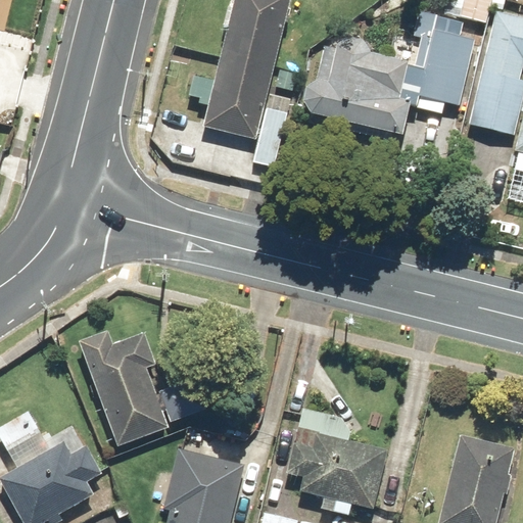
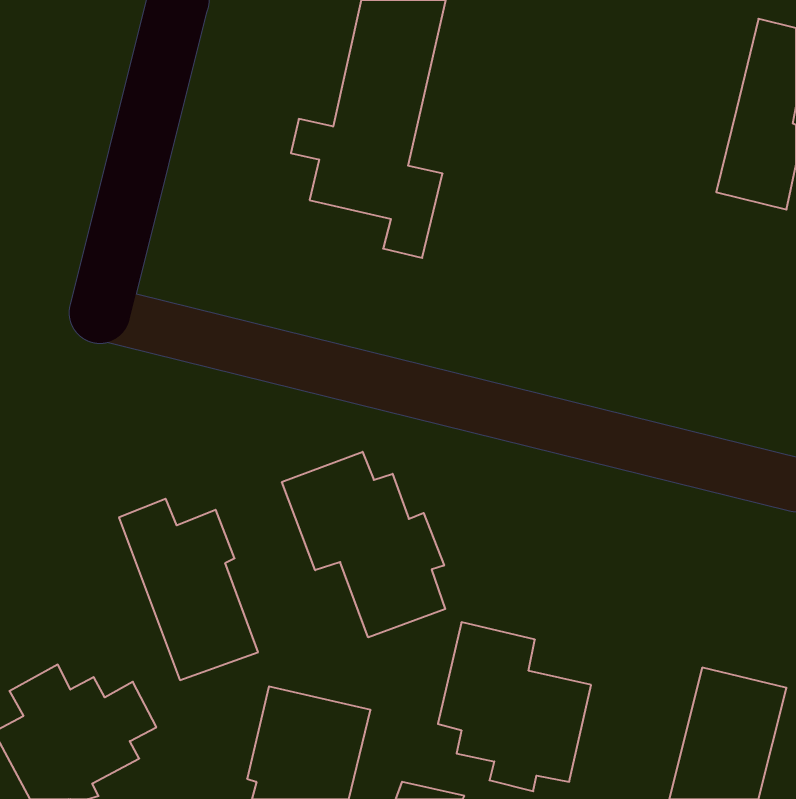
building: [304,13,474,137] -> none
building: none -> [282,452,445,637]

